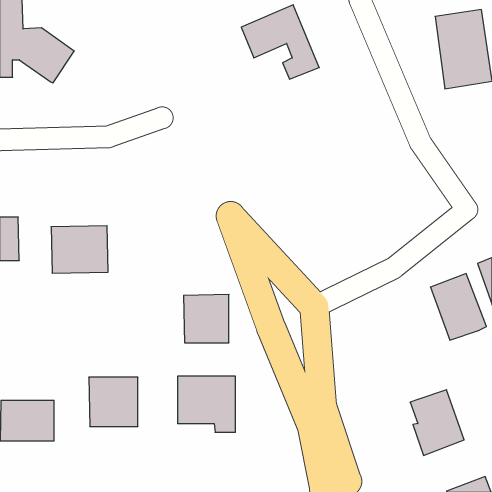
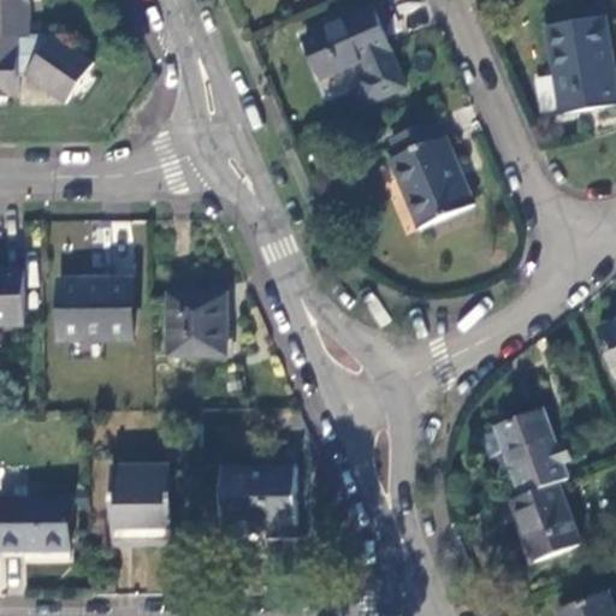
building: none -> [381,120,467,226]
building: [430,274,486,340] -> [497,415,567,498]
building: [184,294,229,343] -> [171,295,227,355]

